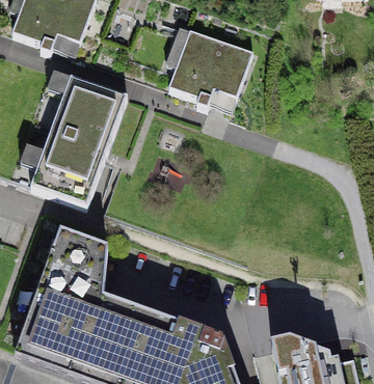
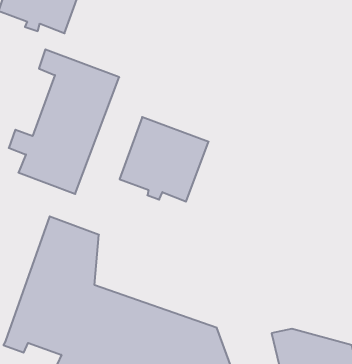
building: [164,27,250,109] -> [120,117,209,202]

